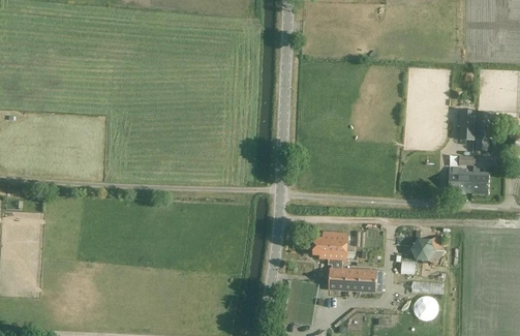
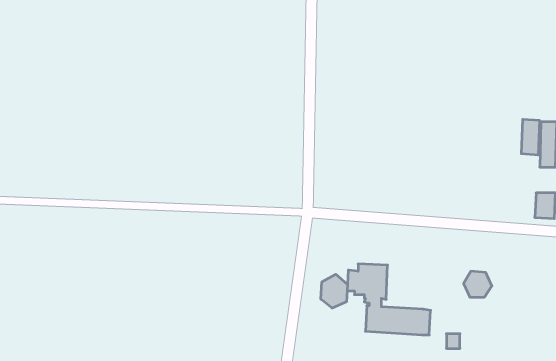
building: [449,154,473,191] -> none
building: none -> [321,274,347,308]

